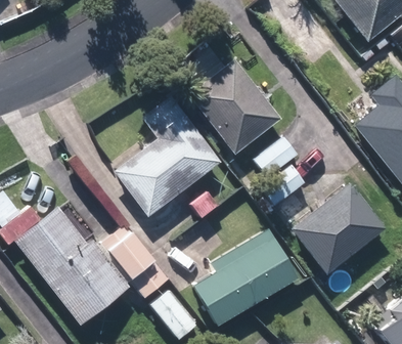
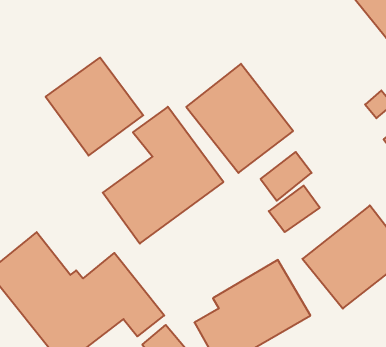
building: none -> [46,58,143,156]

